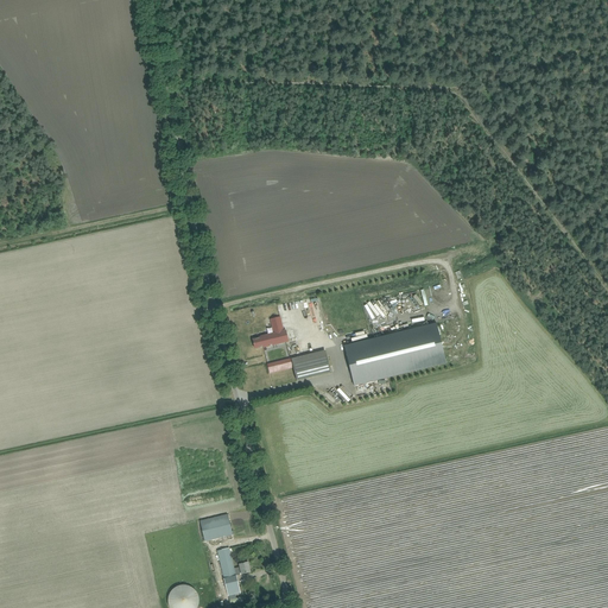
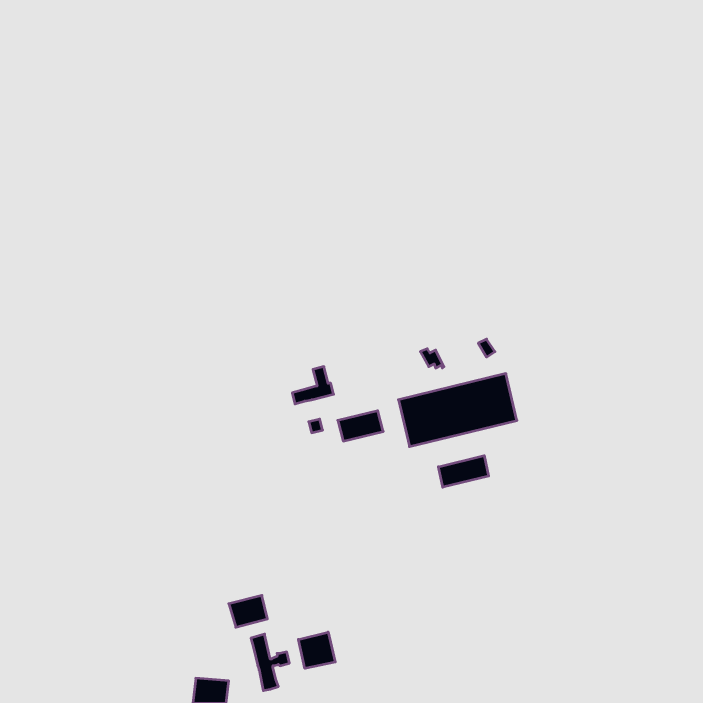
building: none -> [438,456,489,487]
building: none -> [298,632,335,668]

